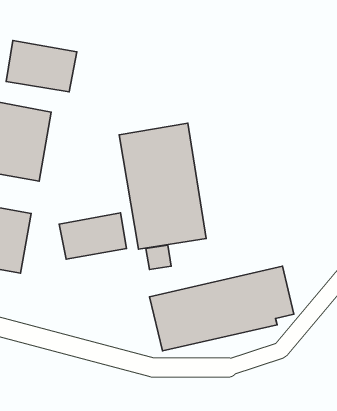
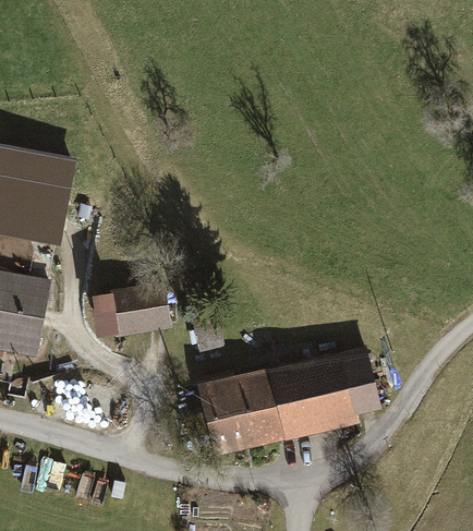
building: [6,41,77,92] -> none
building: [119,123,206,249] -> none

